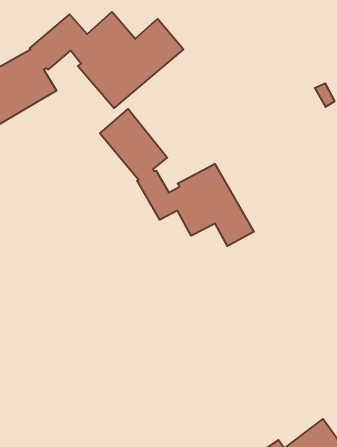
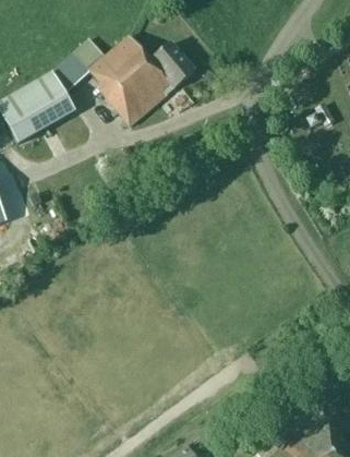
building: [100,109,254,246] -> none

